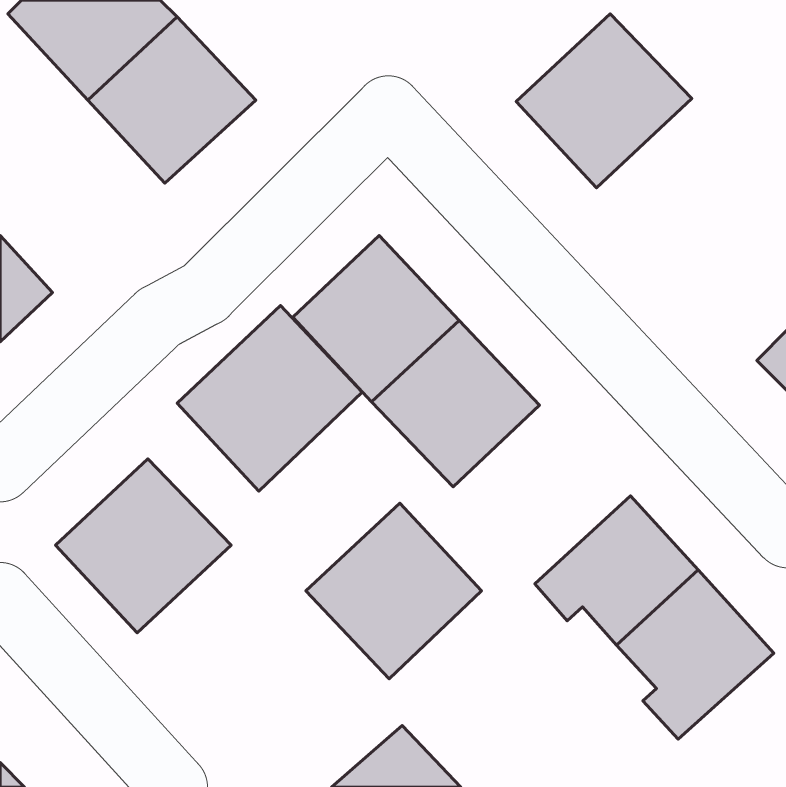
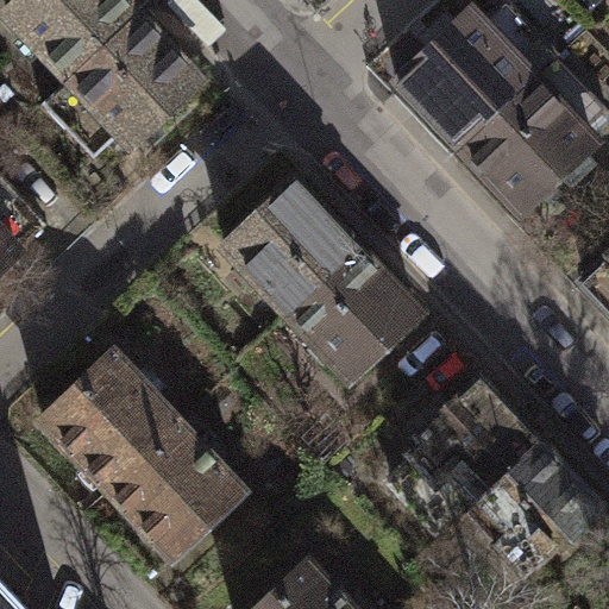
building: none -> [462,76,595,207]
building: [177,306,362,491] -> none
building: [306,503,482,679] -> [107,421,243,557]

